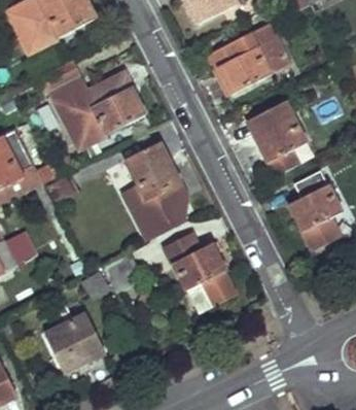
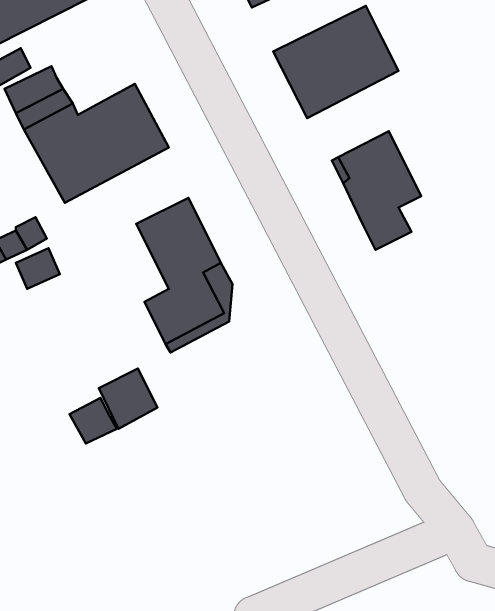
building: [289,171,340,251] -> none
building: [165,234,237,305] -> none
building: [43,312,105,372] -> none

